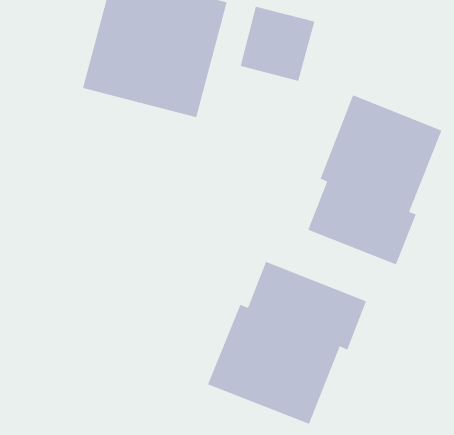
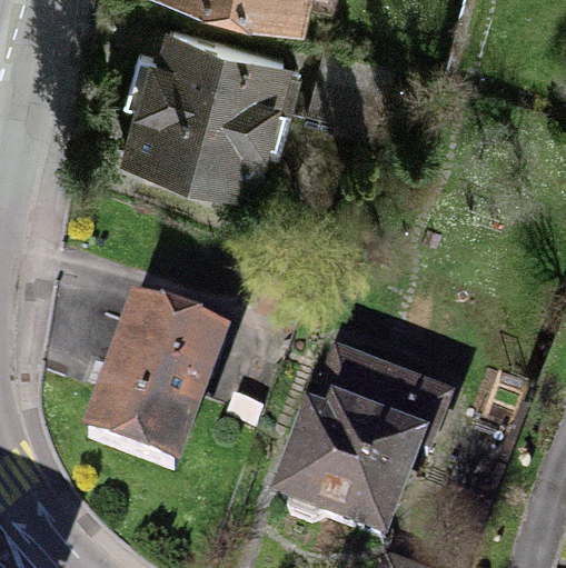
building: [307,94,442,265] -> none
building: none -> [81,291,228,465]

